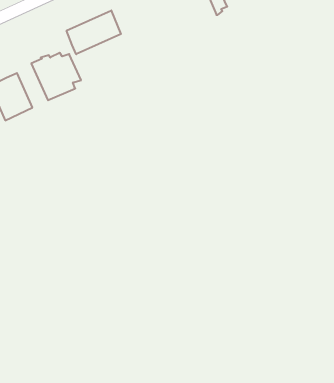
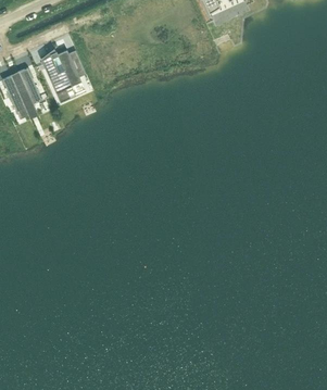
building: [67,10,121,54] -> none

